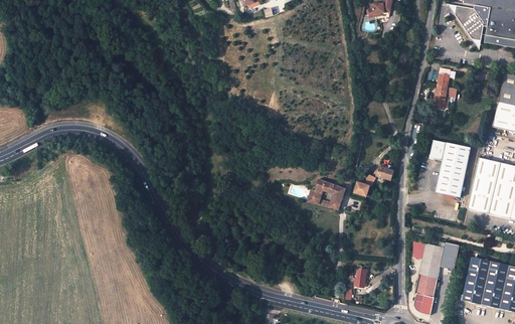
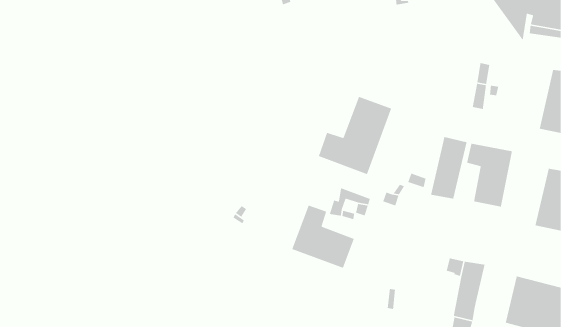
building: none -> [318,96,392,175]
building: [468,157,501,213] -> [430,136,468,200]
building: none -> [291,204,355,269]

